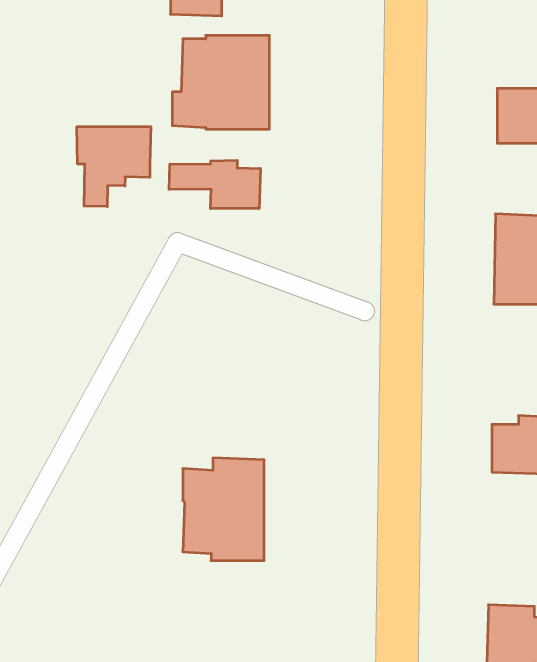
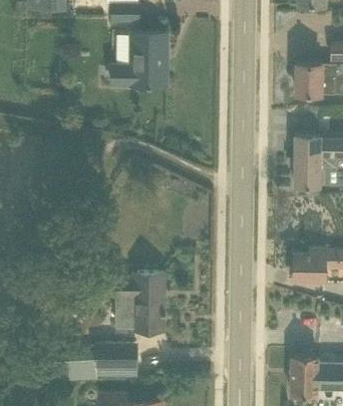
building: [77,127,151,207] -> none
building: [169,160,260,209] -> none
building: none -> [97,346,137,368]

